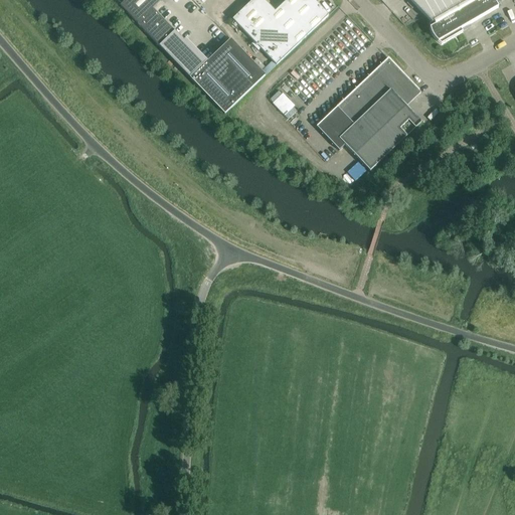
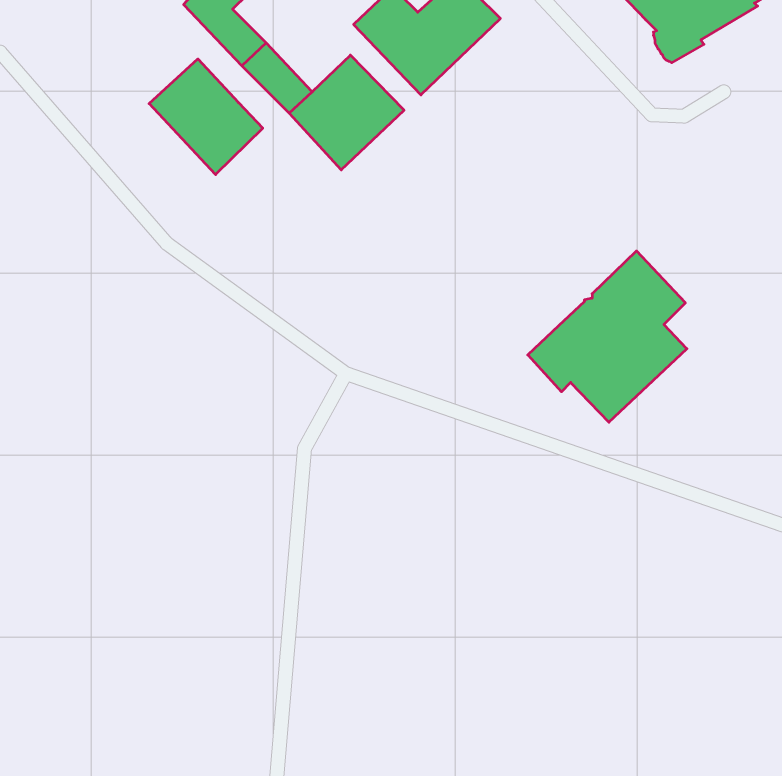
building: none -> [149,59,263,175]
building: [317,55,421,168] -> [528,251,687,422]

